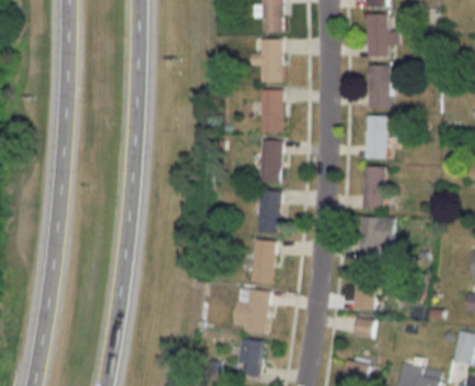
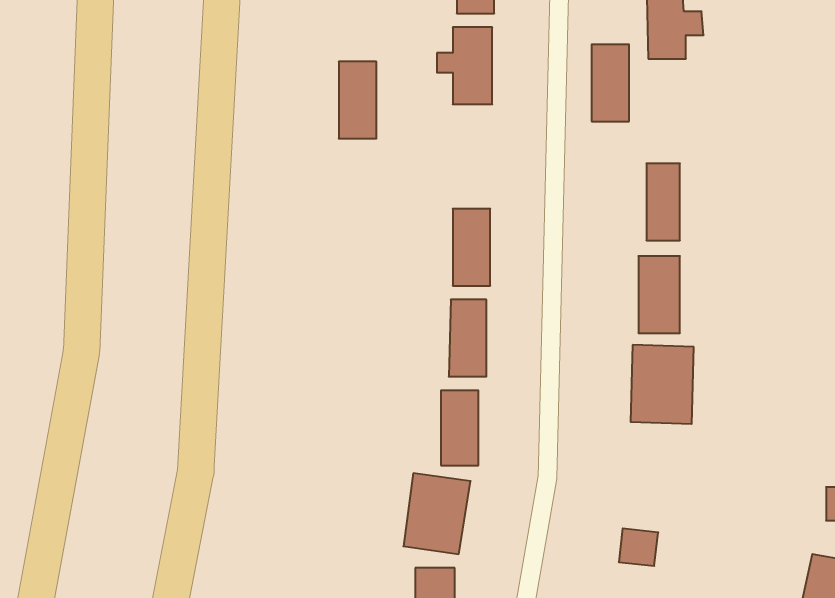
building: [369,65,390,107] -> [592,44,629,121]
building: [262,90,282,132] -> [339,62,376,139]
building: [354,266,378,312] -> none

